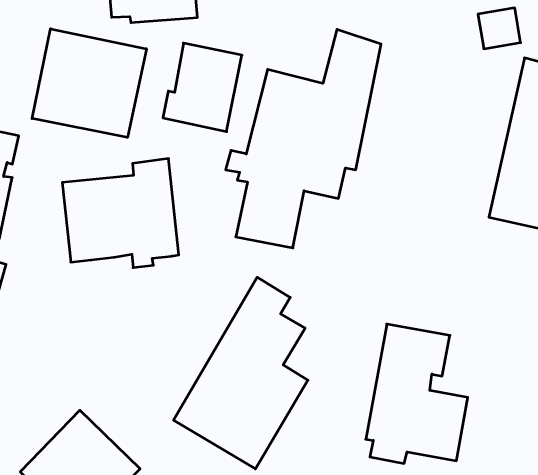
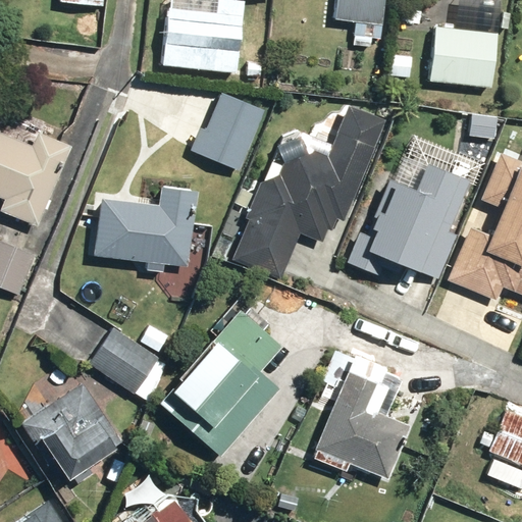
building: [32,29,146,137] -> none
building: none -> [350,134,485,281]
building: none -> [89,326,158,394]

